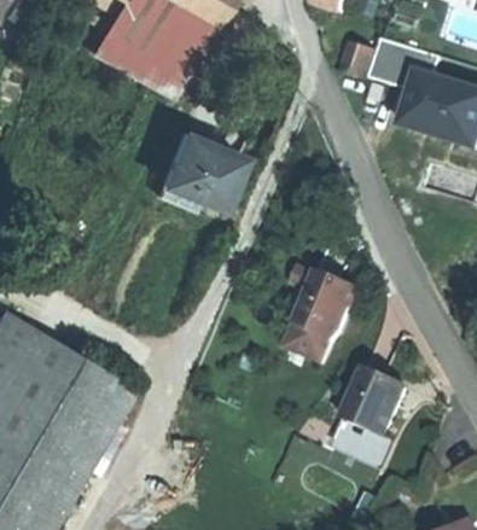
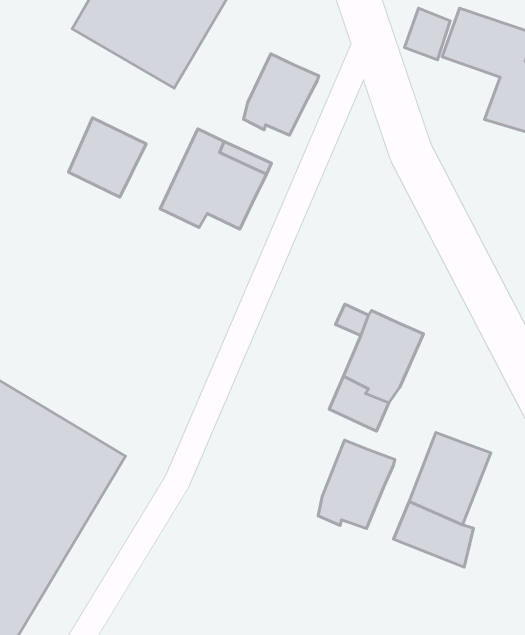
building: none -> [243,54,319,135]
building: none -> [68,118,146,197]
building: none -> [318,440,395,528]

